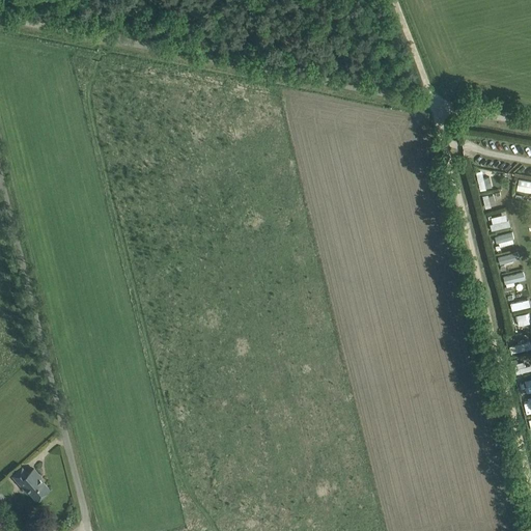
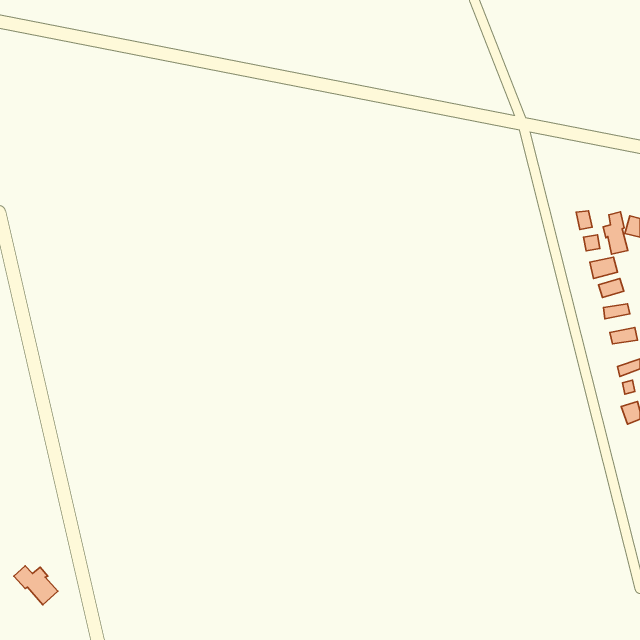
building: none -> [603,212,628,254]

